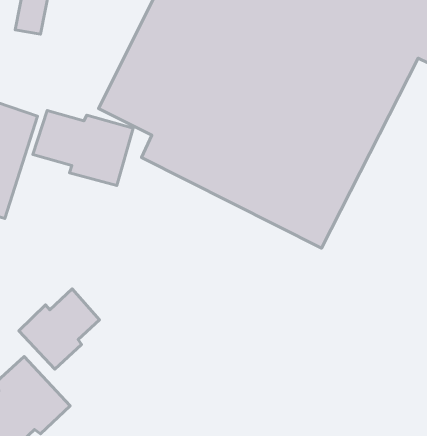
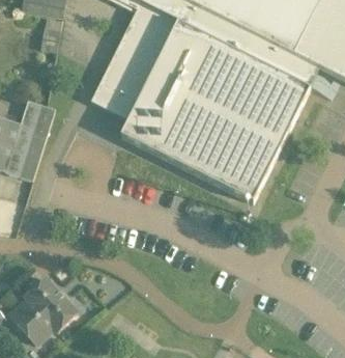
building: [33,111,133,185] -> none
building: [19,289,99,369] -> none

